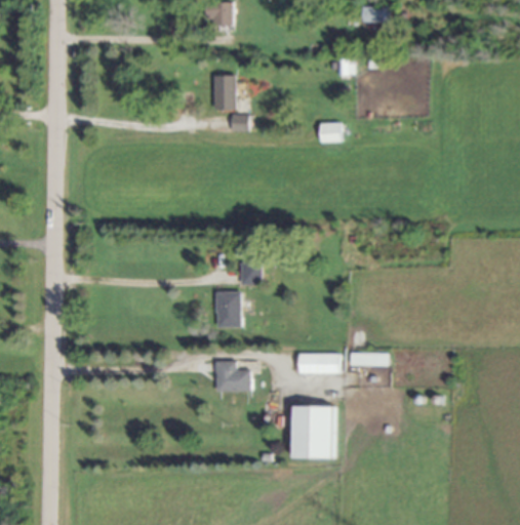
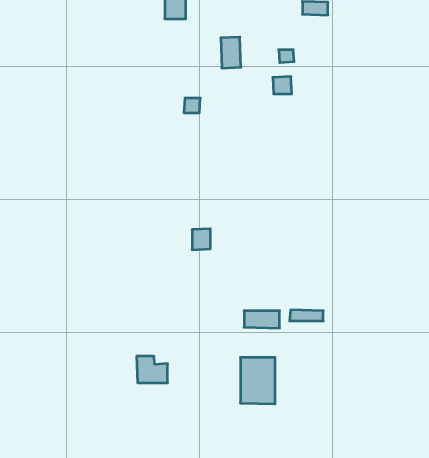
building: [212,75,235,110] -> [221,37,241,68]
building: [319,122,341,142] -> [273,77,292,94]
building: [215,291,240,327] -> none
building: [214,361,249,391] -> [137,356,168,383]

